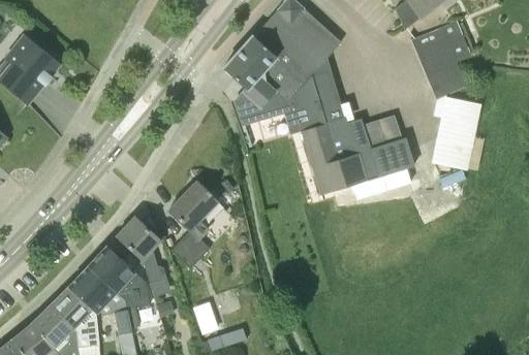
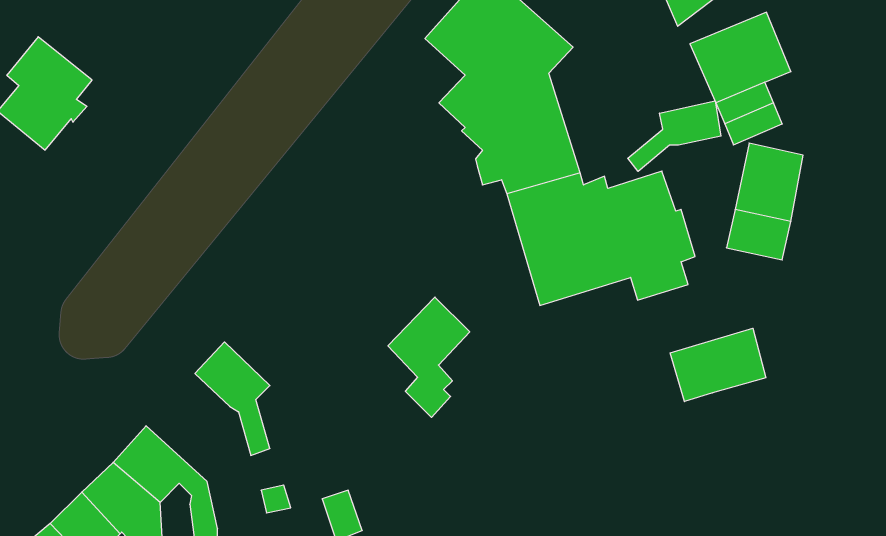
building: [223,36,287,125] -> none
building: none -> [628,101,721,171]
building: [168,182,217,253] -> [388,297,470,417]
building: none -> [670,328,766,402]
building: [88,235,147,327] -> none

